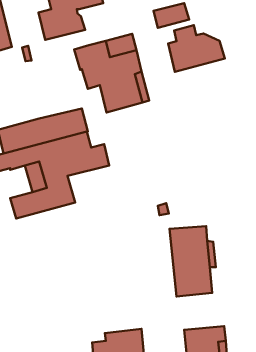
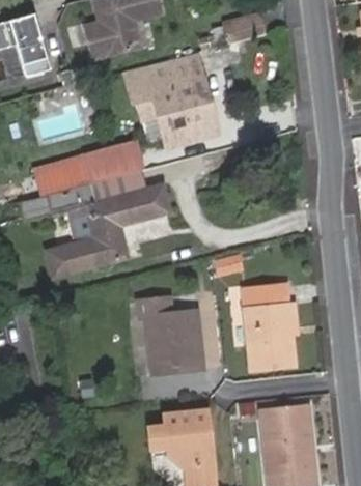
building: [168,25,225,72] -> none
building: none -> [136,297,203,373]

